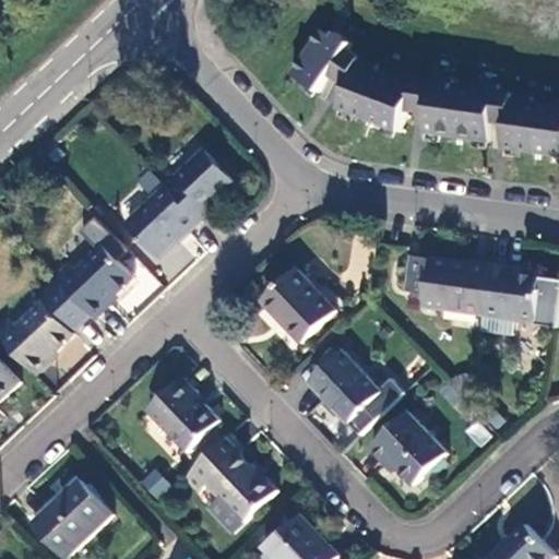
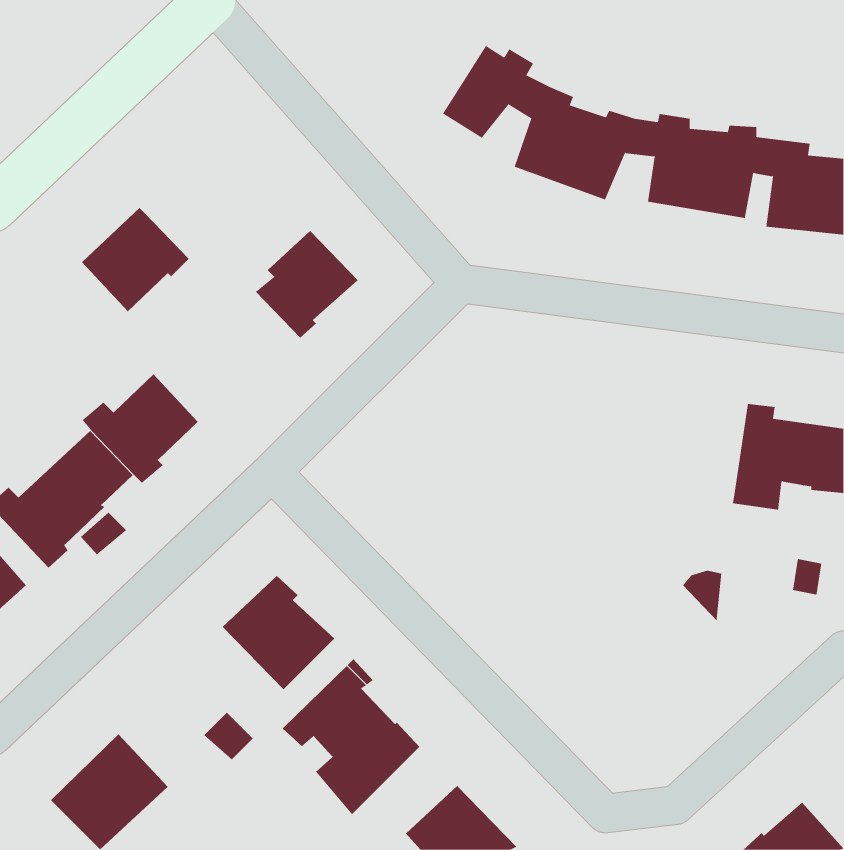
building: [126,188,197,257] -> [81,207,190,312]
building: [404,255,489,316] -> none
building: [261,270,334,343] -> none
building: [308,350,403,435] -> none
building: [369,412,447,486] -> none

